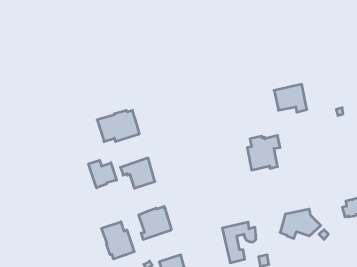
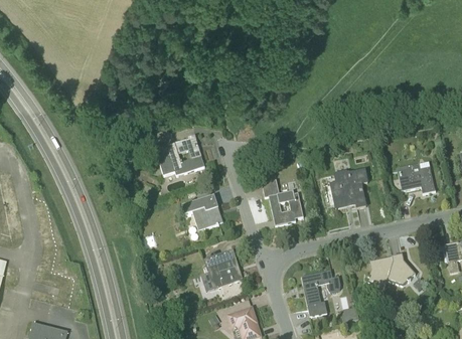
building: [274,84,307,112] -> [397,160,435,192]
building: none -> [262,178,303,225]
building: [89,160,117,188] -> none
building: [102,222,134,259] -> none

